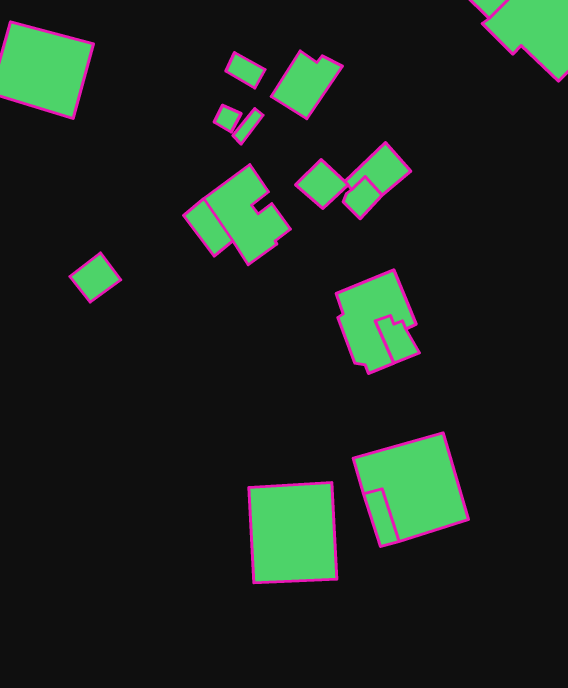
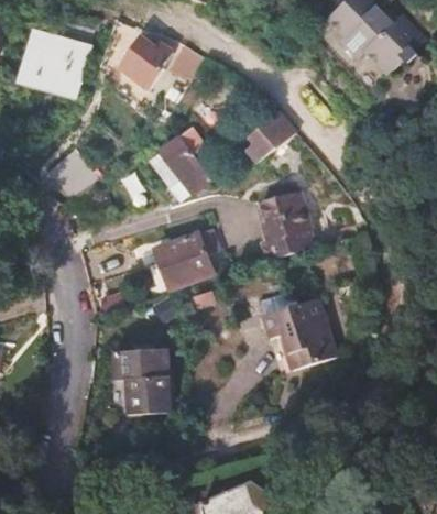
building: [271,51,342,119] -> [125,42,172,86]
building: none -> [156,233,212,288]
building: [249,483,337,583] -> [114,350,172,415]

